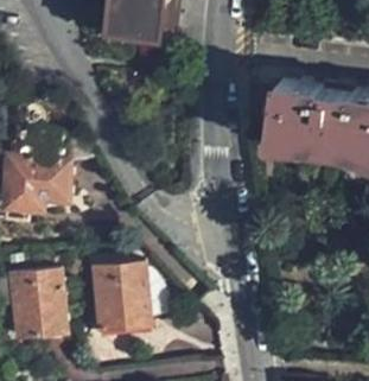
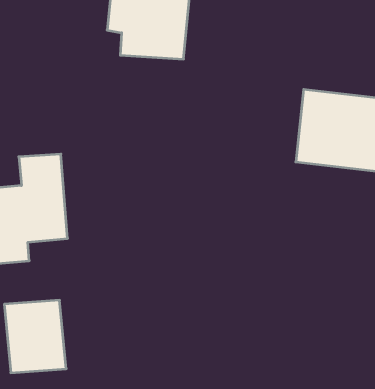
building: [95,263,151,330] -> none

